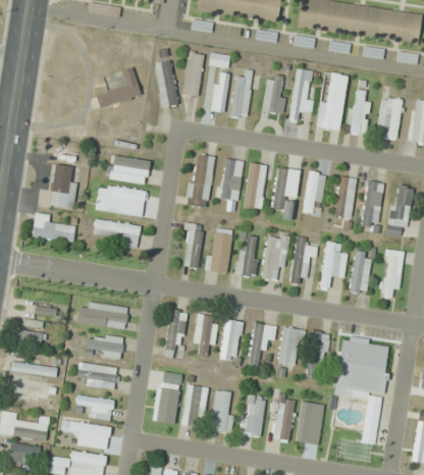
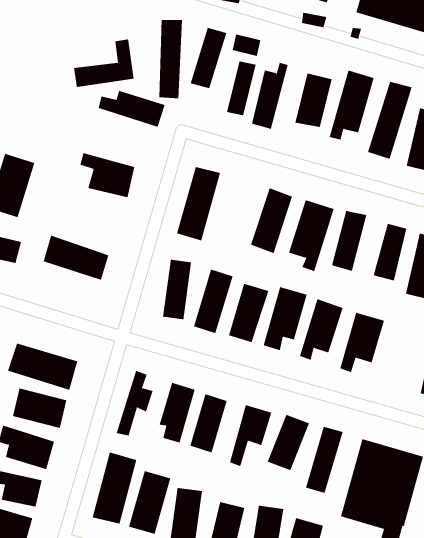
building: [219,158,244,201] -> none
building: [98,186,147,209] -> [98,90,165,127]
building: [348,250,373,296] -> none

